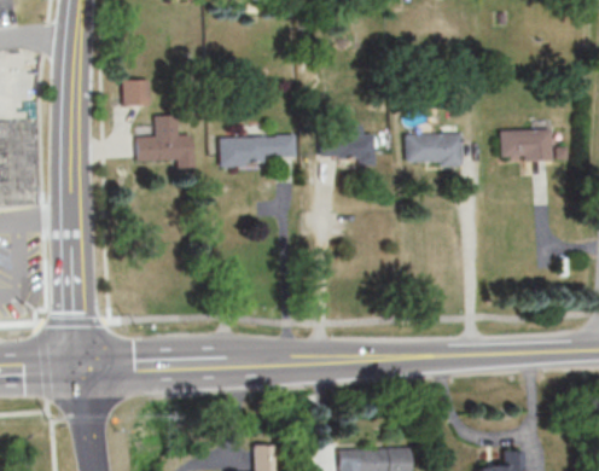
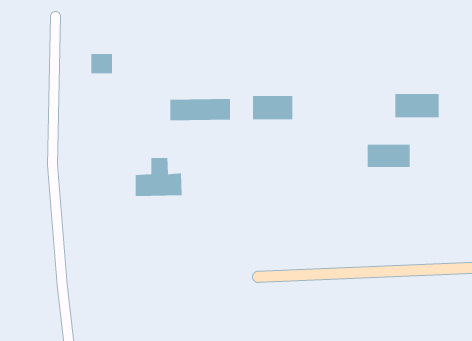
building: [138,115,197,163] -> [135,157,183,196]
building: [407,134,461,163] -> [367,144,411,168]

